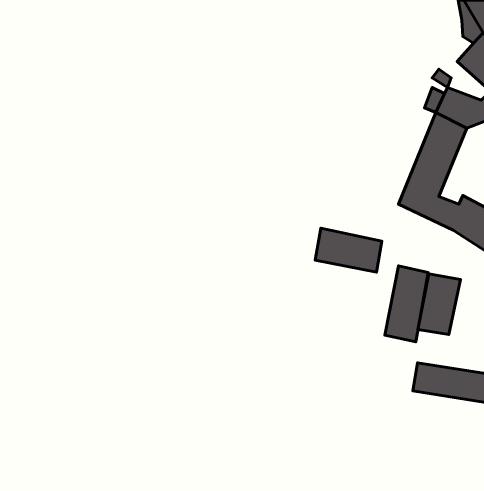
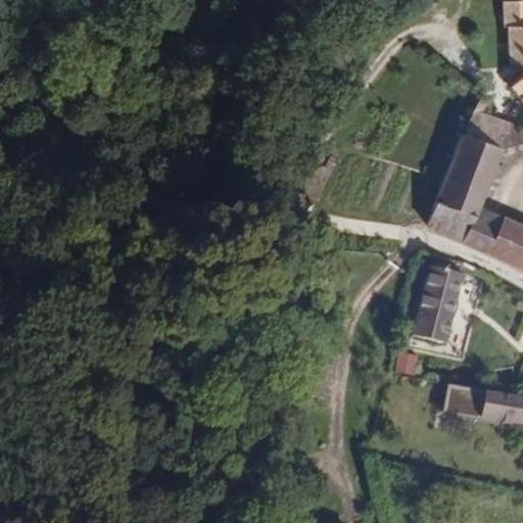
building: [315,228,382,272] -> none
building: [418,274,460,335] -> none

